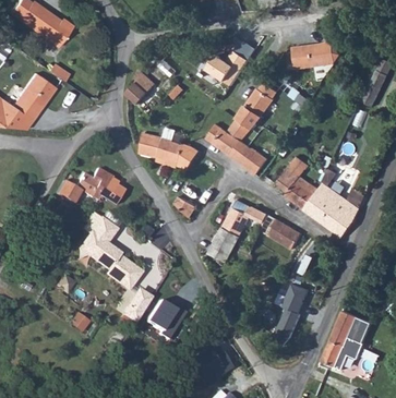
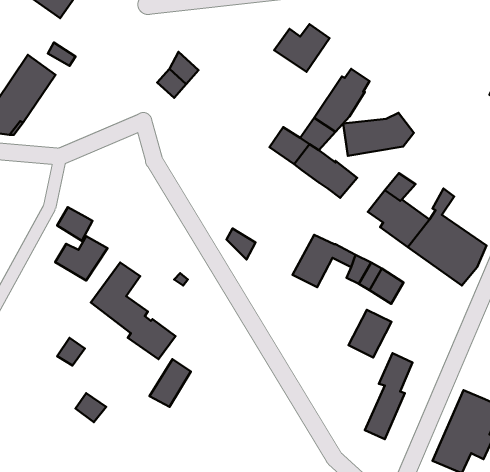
building: [293,38,344,69] -> [343,113,414,156]
building: [140,133,193,165] -> none
building: [75,168,112,200] -> [55,236,108,281]
building: [209,228,240,262] -> [348,310,391,357]
building: [147,299,184,339] -> none

